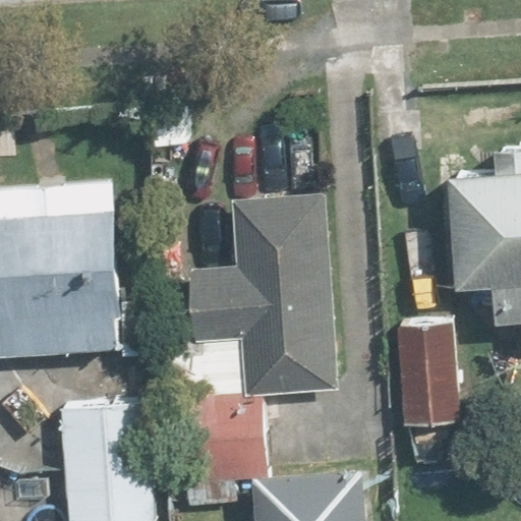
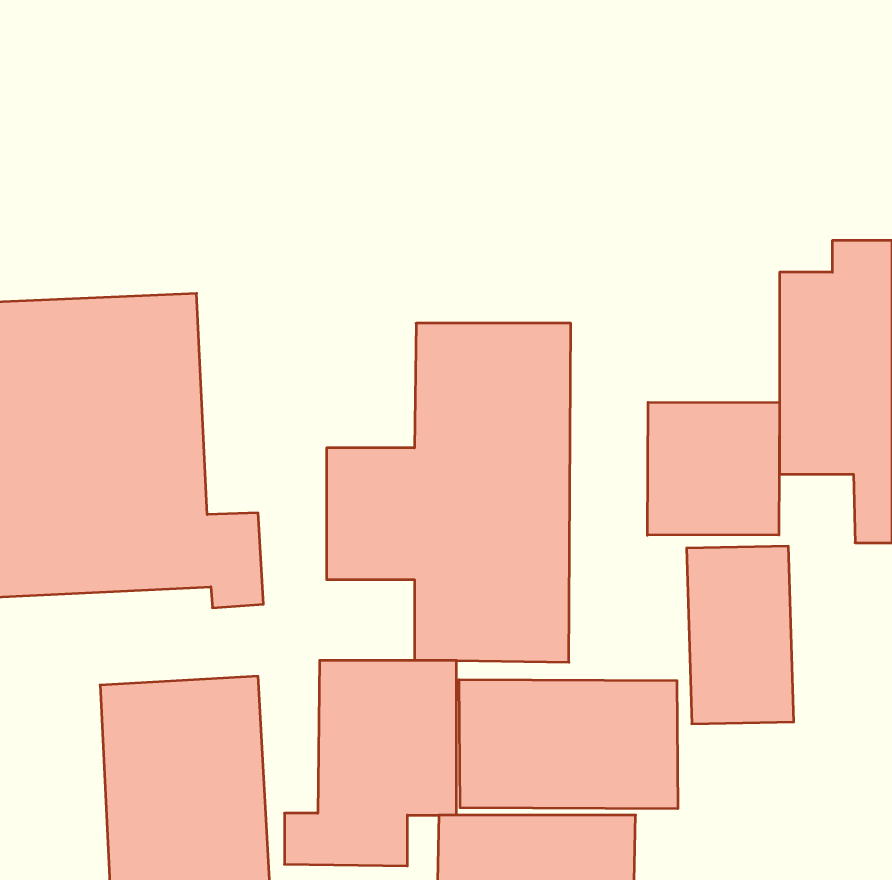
building: none -> [647,402,780,535]
building: none -> [459,680,678,809]

